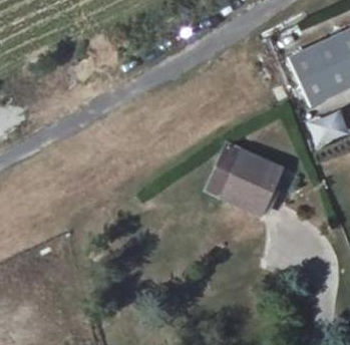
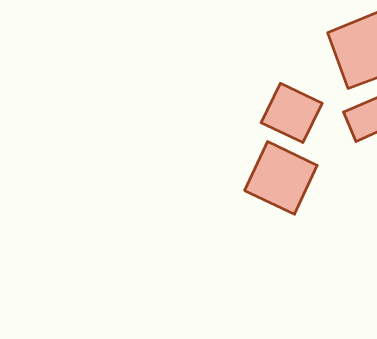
building: none -> [261,83,322,143]

